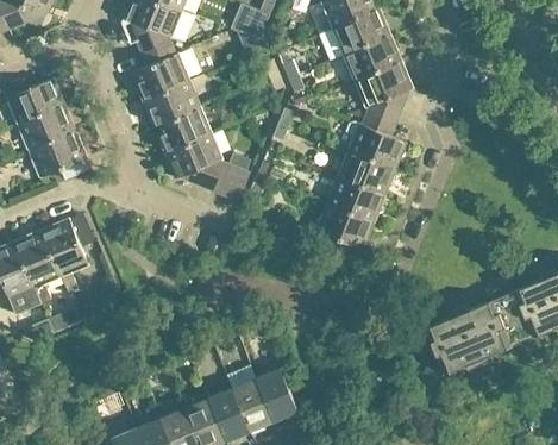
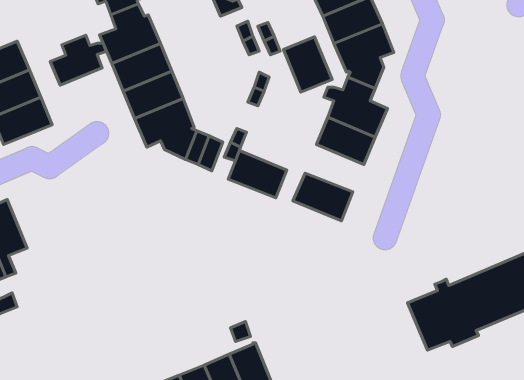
building: none -> [50,35,106,85]
building: none -> [284,37,332,92]
building: [328,178,384,224] -> [228,150,287,198]
building: [44,220,90,294] -> none

